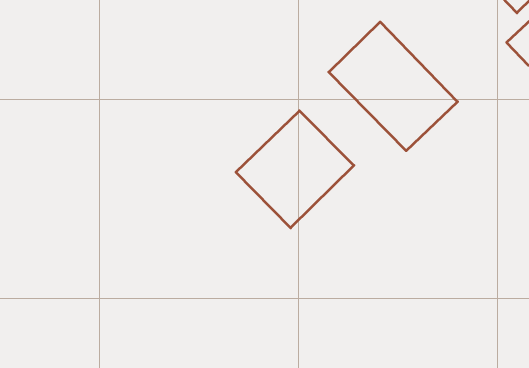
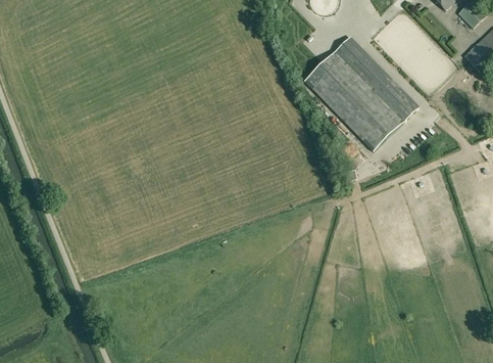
building: [236,111,354,228] -> none

